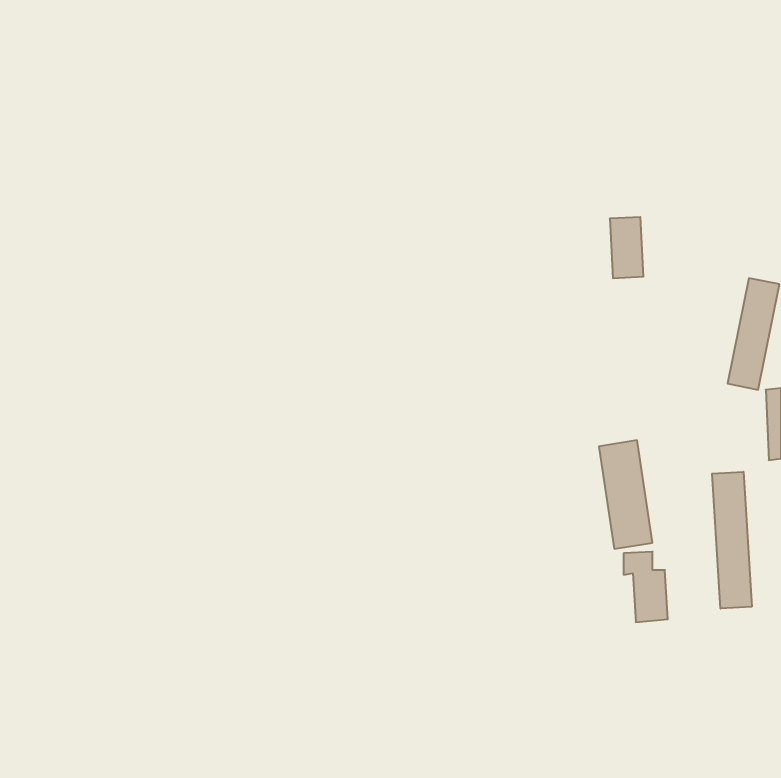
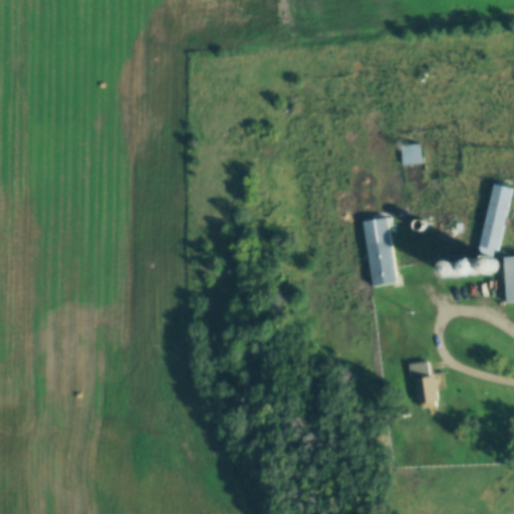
building: [599,440,652,549] -> [363,216,399,287]
building: [712,472,752,609] -> none

